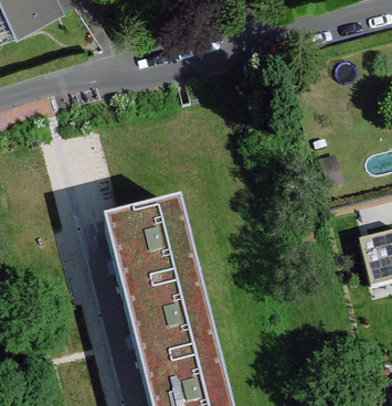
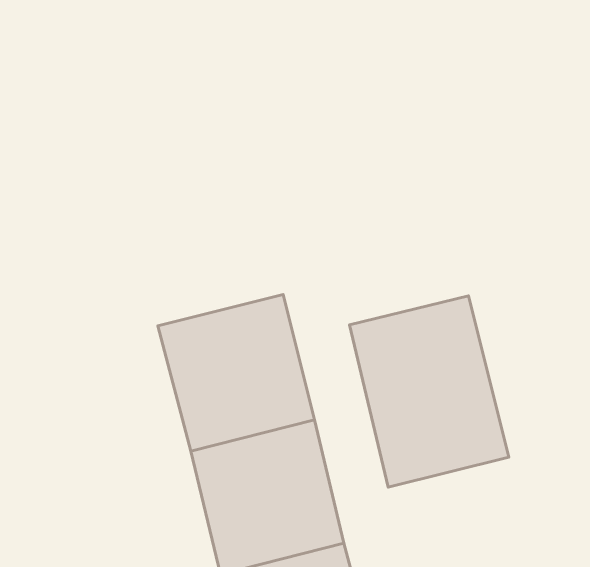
building: none -> [349,296,509,487]

